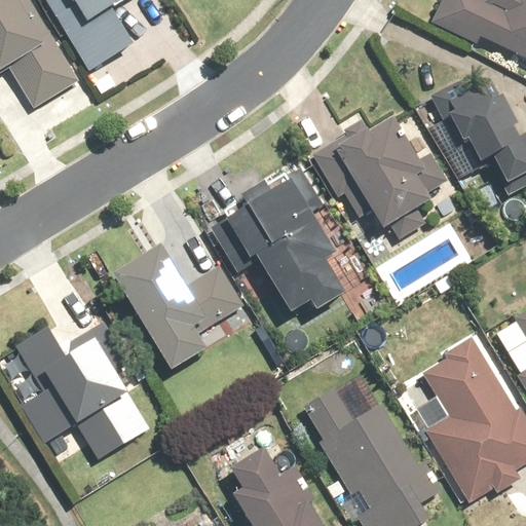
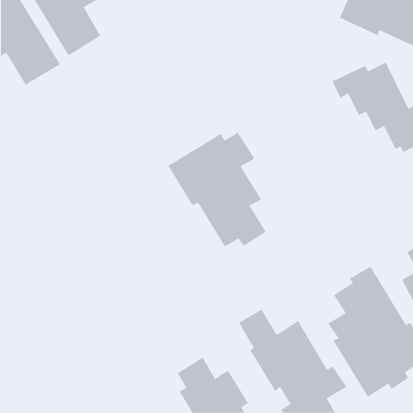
building: [326,119,447,240] -> none
building: [109,247,242,372] -> none
building: [17,316,149,461] -> none

